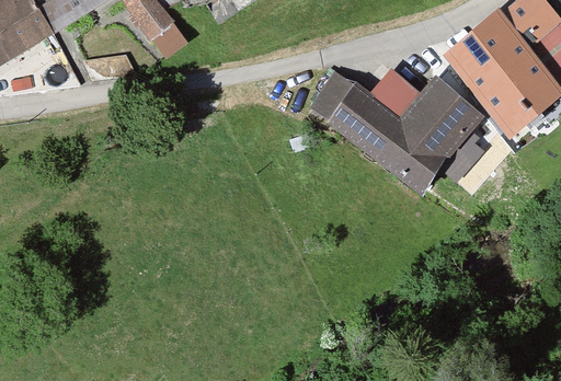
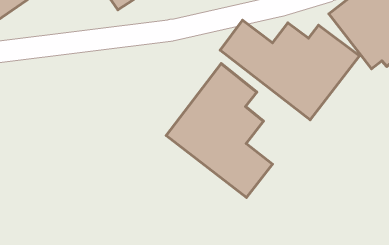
building: none -> [166,64,272,197]

